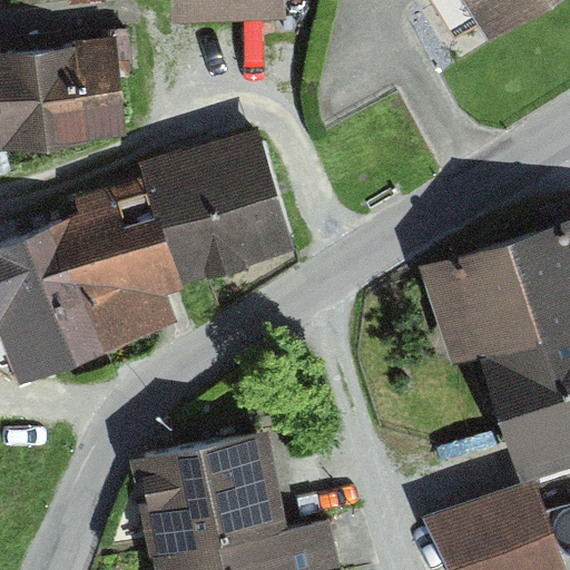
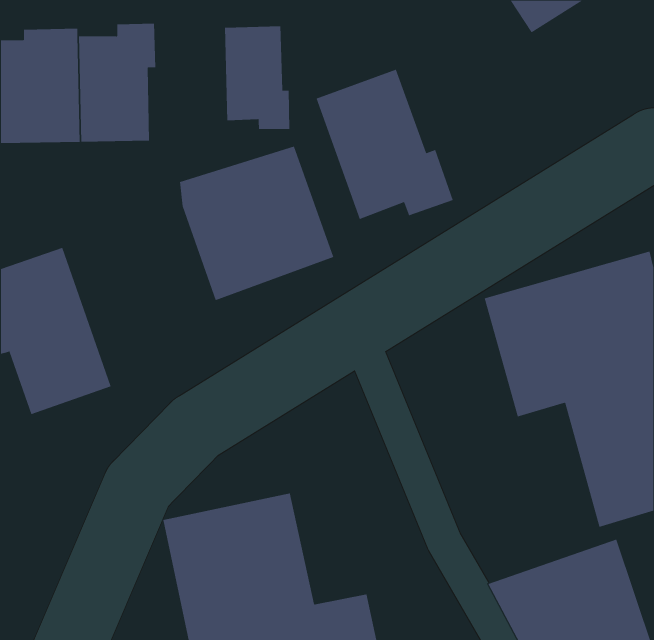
building: none -> [225,26,290,130]
building: none -> [316,69,454,220]
building: [55,191,187,348] -> none

